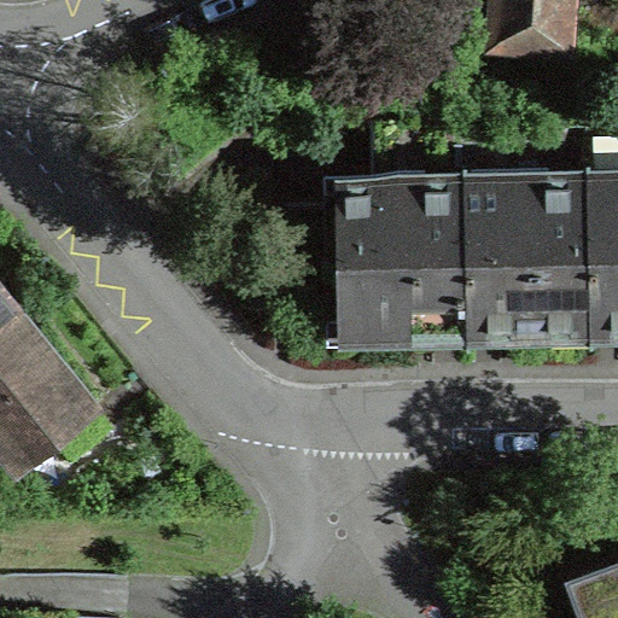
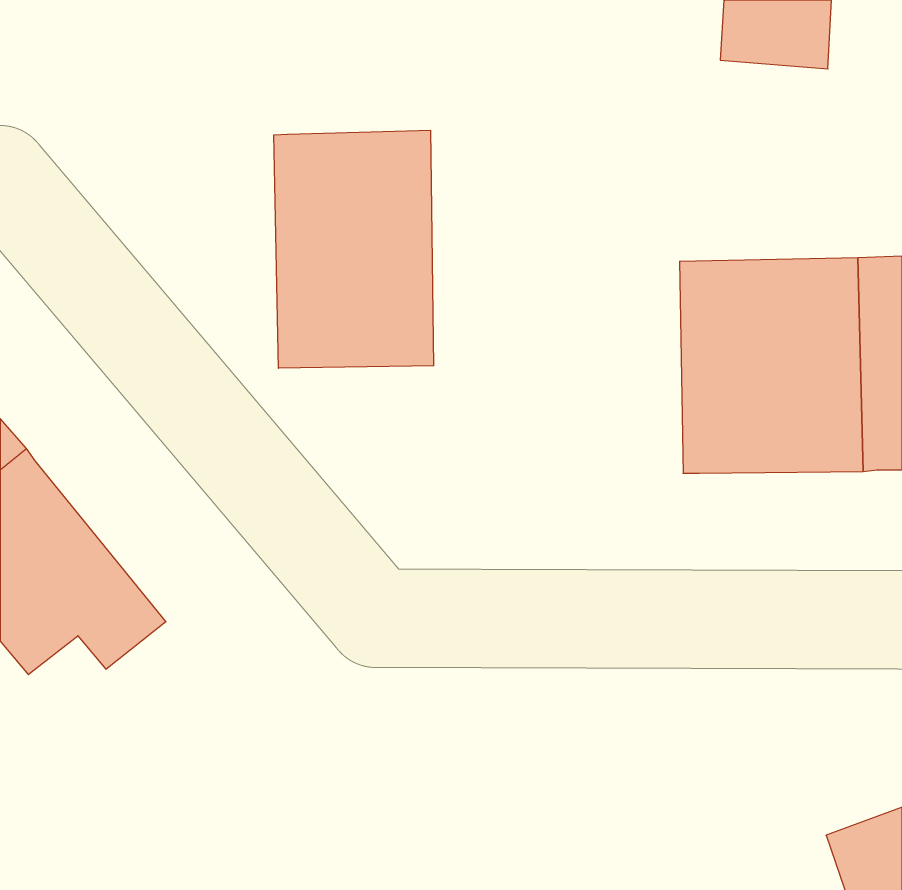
building: none -> [274,130,434,368]
building: [338,123,467,334] -> none

